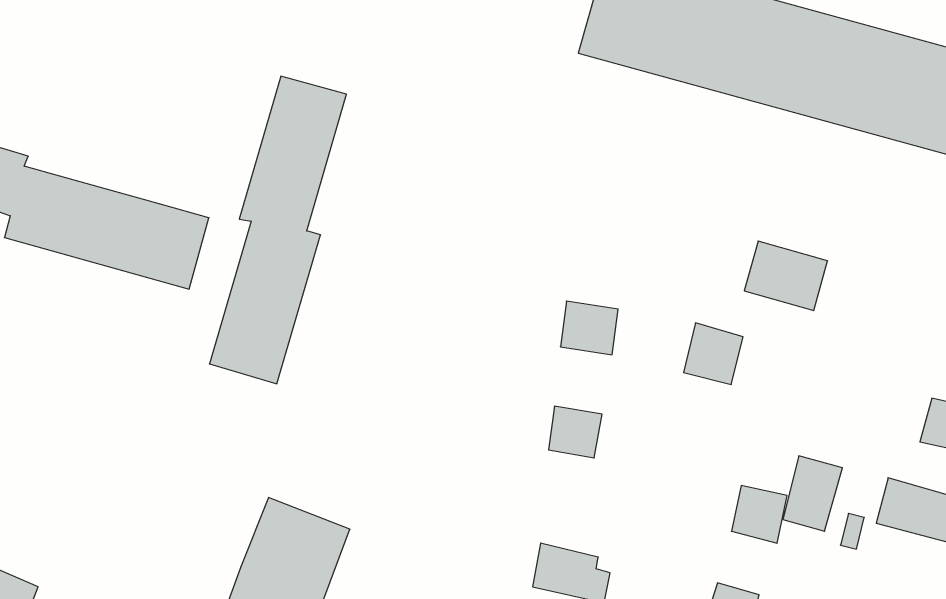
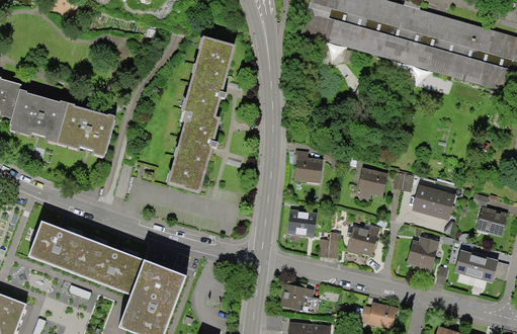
building: [209,76,346,384] -> [166,36,236,193]
building: [744,241,828,311] -> [412,185,454,221]
building: none -> [29,221,145,295]
building: none -> [318,235,340,259]
building: [731,486,787,543] -> [346,230,374,259]

